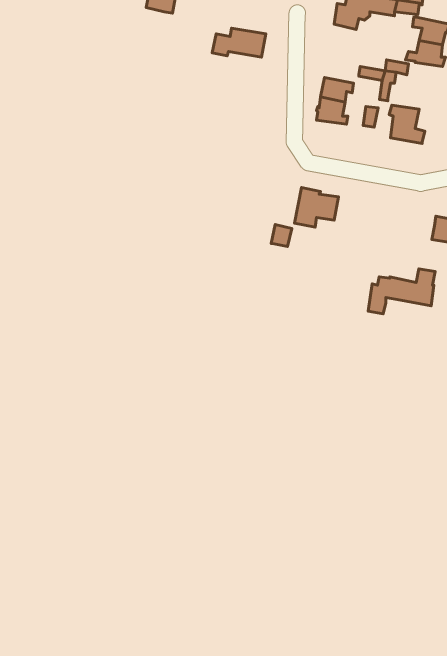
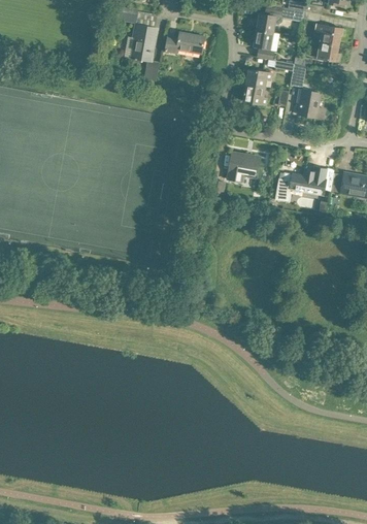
building: none -> [130,25,159,80]
building: none -> [253,29,272,60]
building: [368,269,435,314] -> [275,167,326,201]

